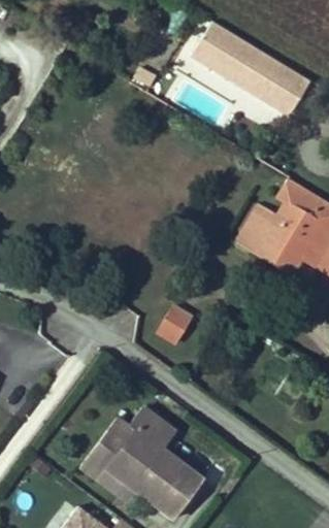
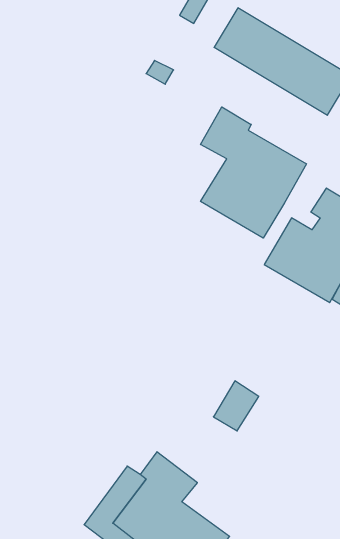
building: none -> [201,107,306,238]
building: [155,302,194,345] -> [213,381,259,431]

